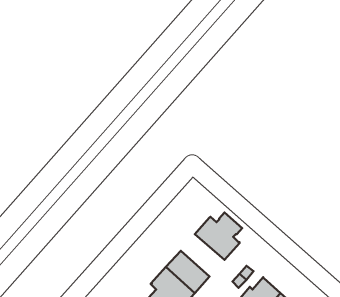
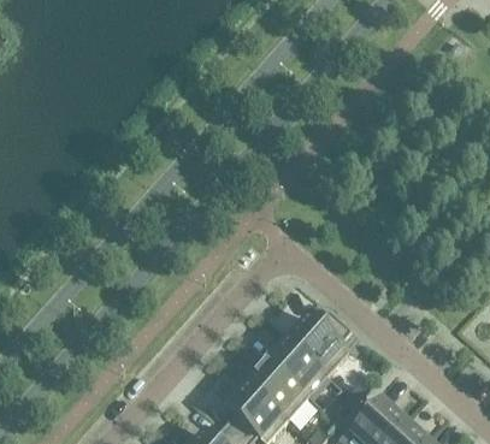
building: none -> [267,341,327,398]

